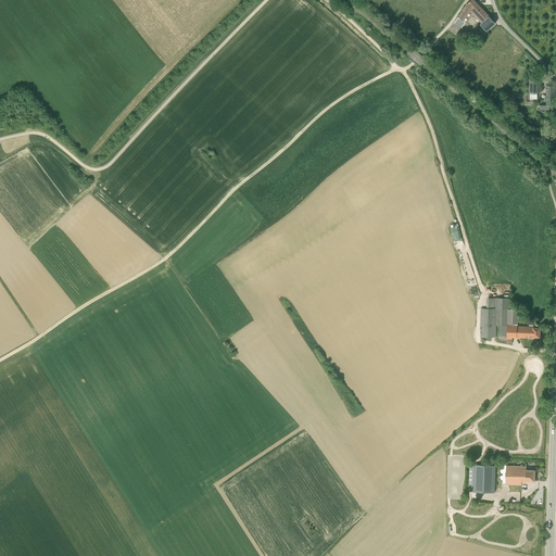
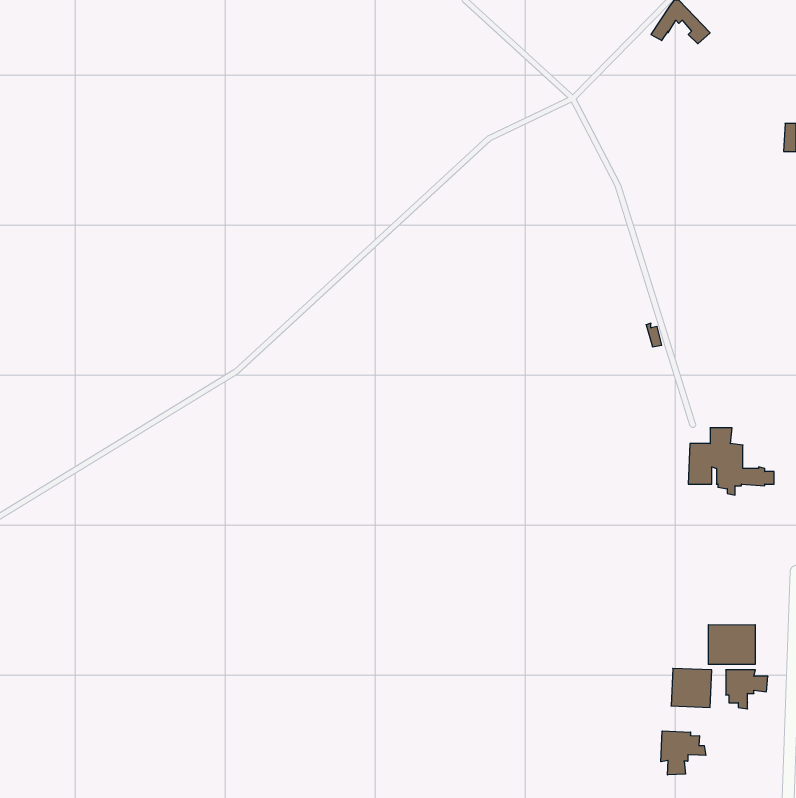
building: none -> [708,625,755,664]
building: none -> [661,731,706,775]

